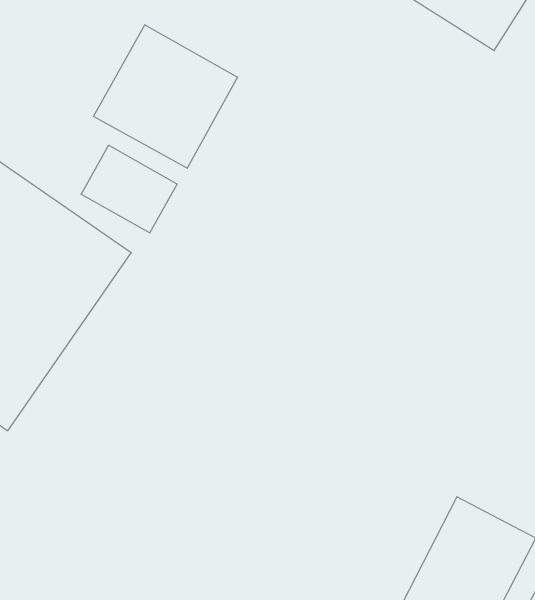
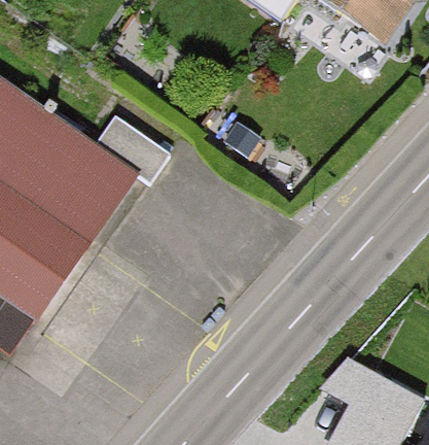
building: [93,25,238,168] -> none

